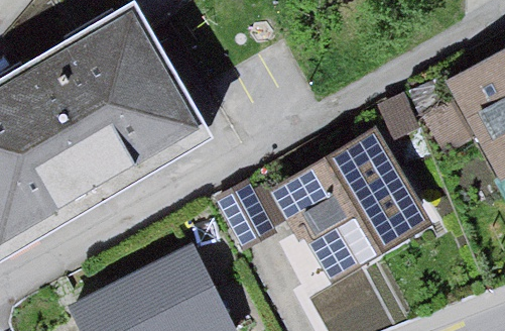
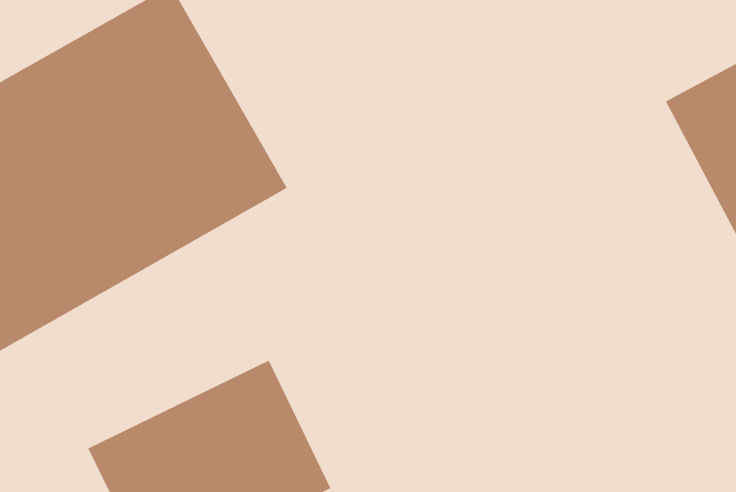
building: [274,129,426,278] -> none

